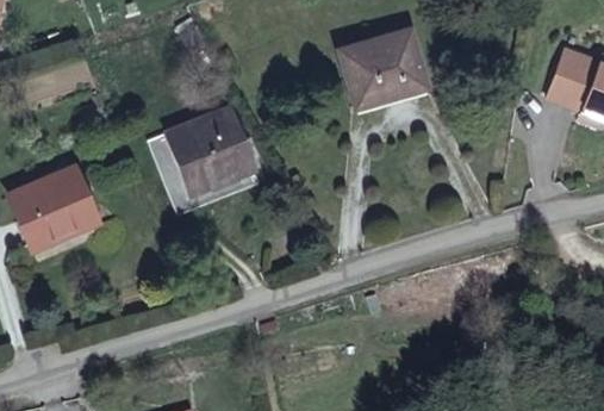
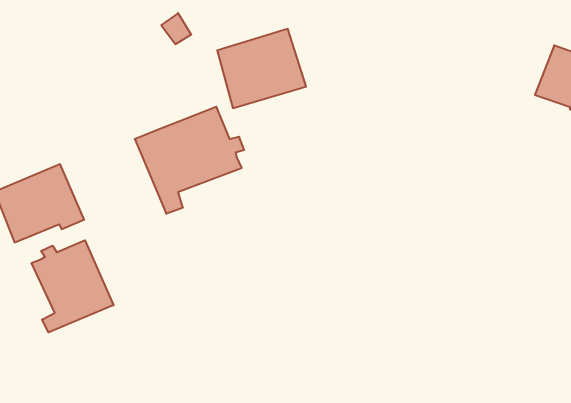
building: [341,30,429,108] -> [217,29,306,108]
building: none -> [32,240,114,332]

